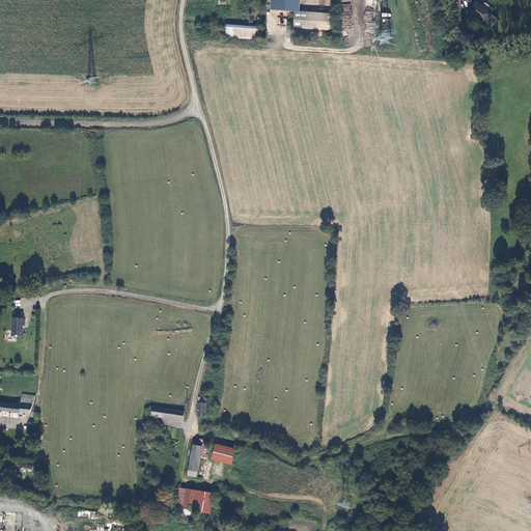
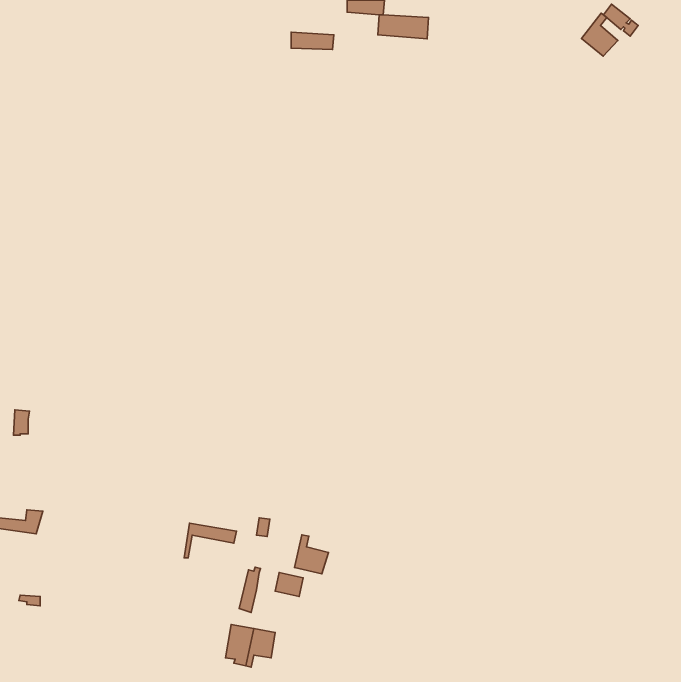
building: none -> [581,13,618,56]
building: none -> [295,535,328,574]

